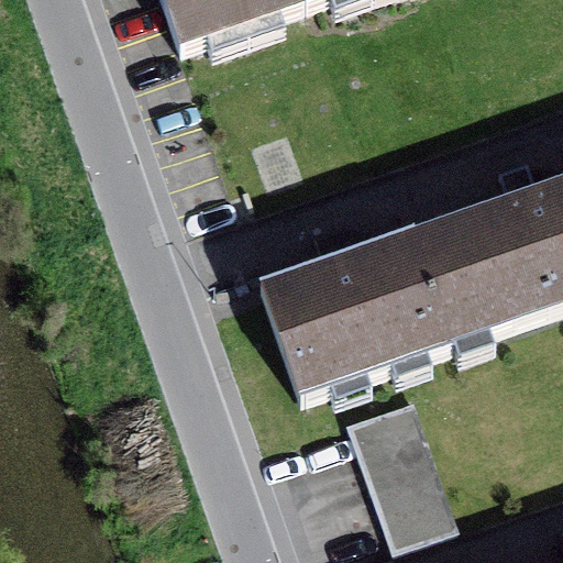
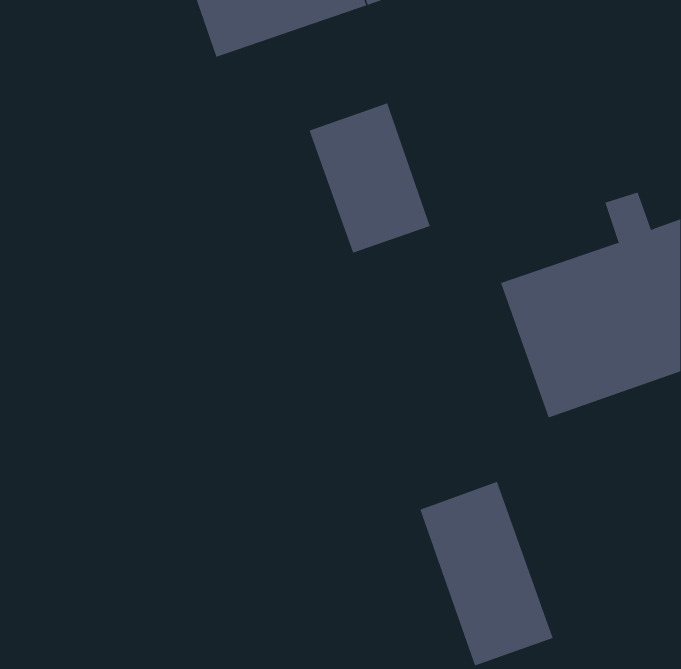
building: none -> [309,102,431,253]
building: [261,221,450,396] -> none

